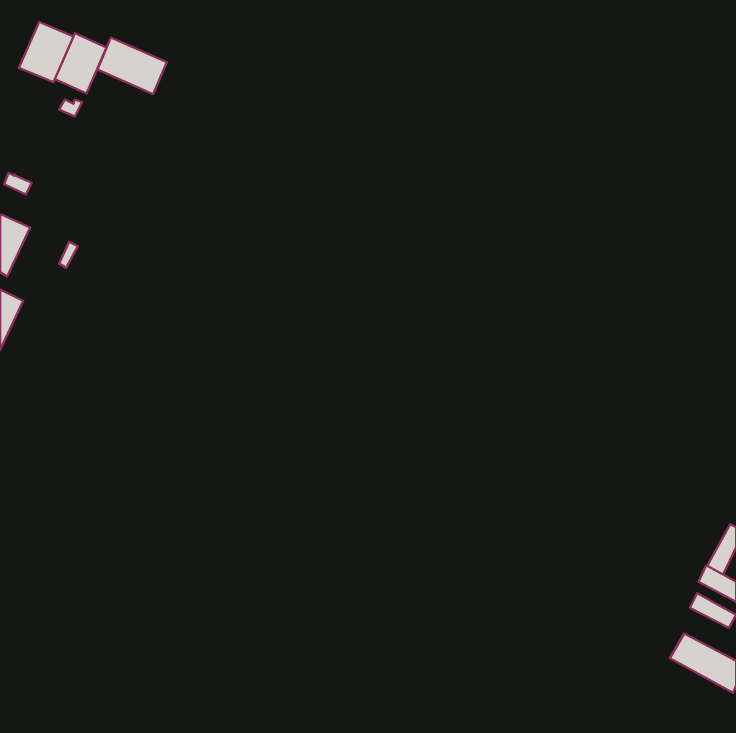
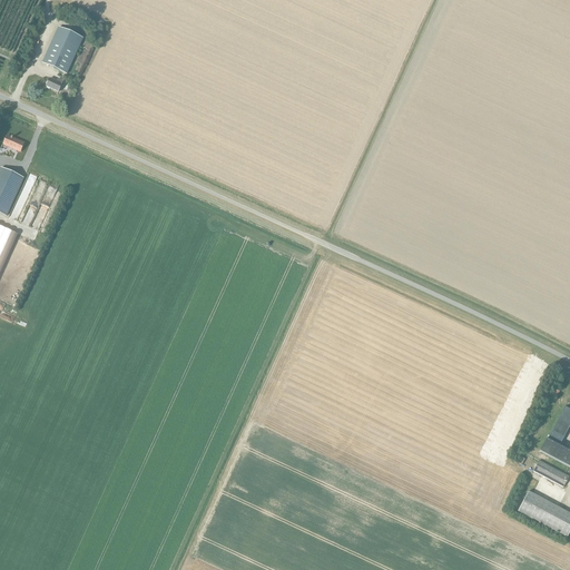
building: [19,22,73,82] -> none
building: [97,38,167,94] -> none

